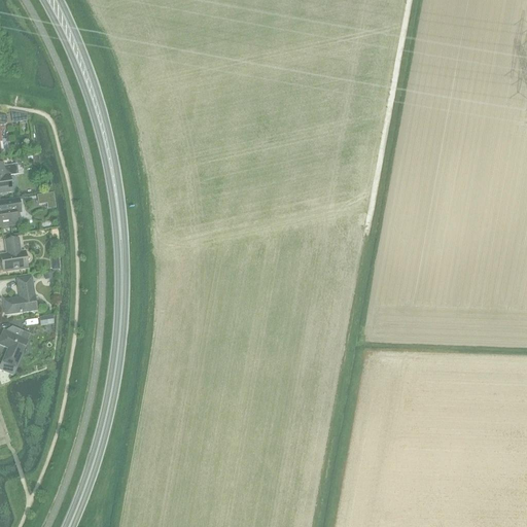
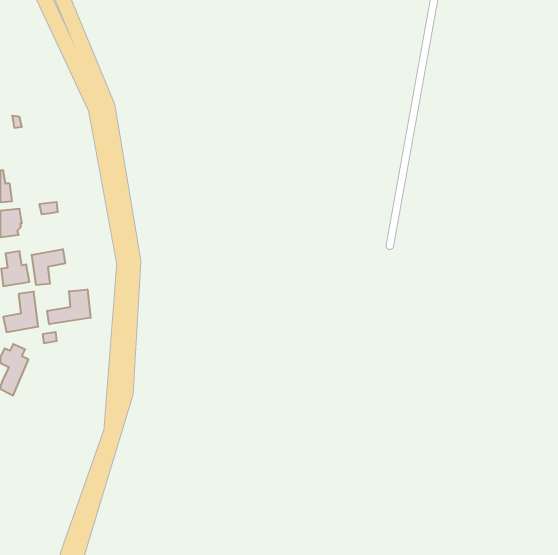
building: none -> [32,249,65,285]
building: none -> [47,289,90,324]

